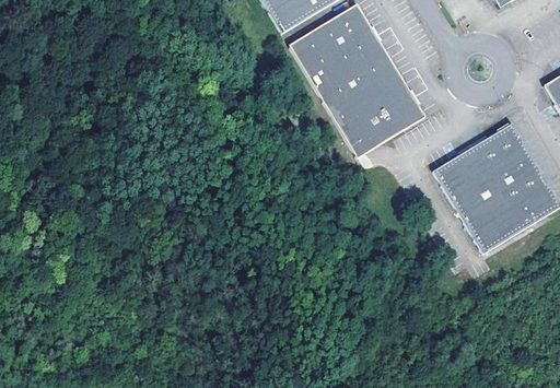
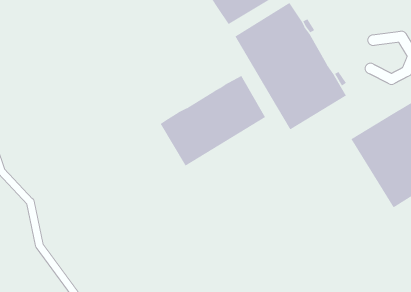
building: none -> [160,75,266,166]

